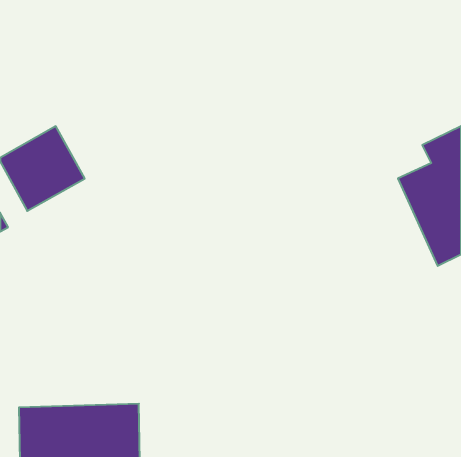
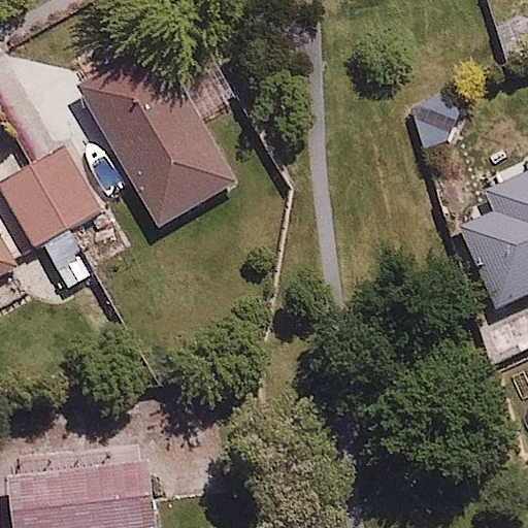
building: none -> [88,50,232,228]

